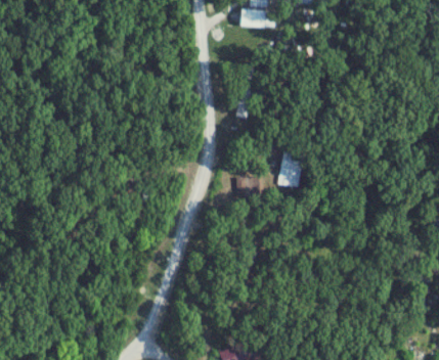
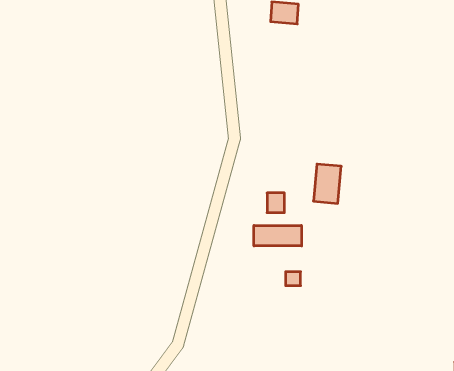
building: none -> [254,225,302,246]

